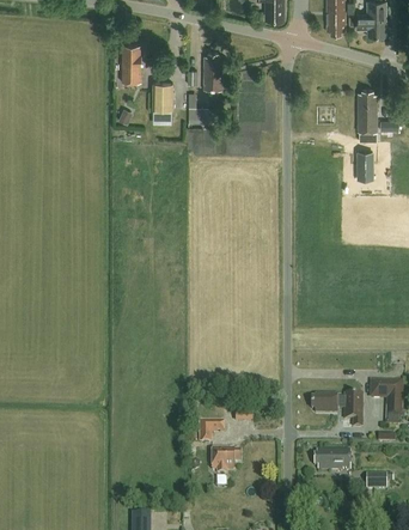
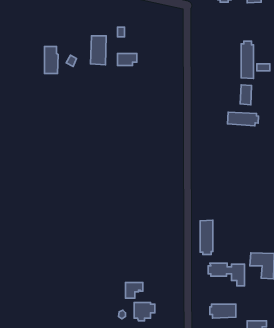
building: [121,45,140,83] -> [44,47,58,74]
building: [203,53,221,91] -> none
building: none -> [228,112,258,126]
building: none -> [200,220,213,255]

